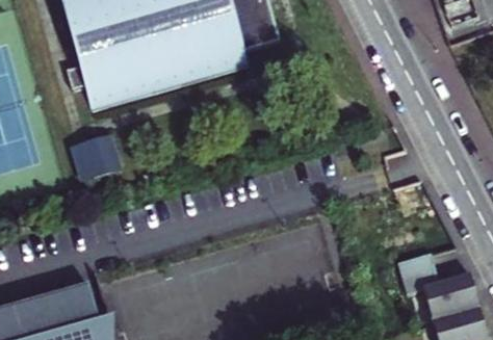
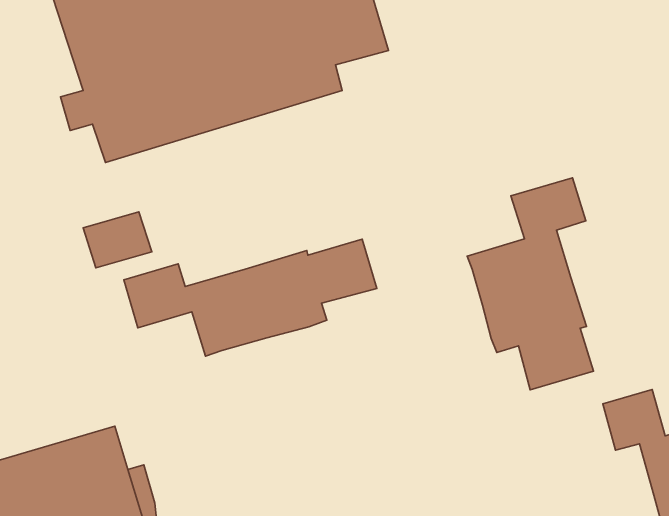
building: none -> [467,178,594,390]
building: none -> [124,239,377,356]

